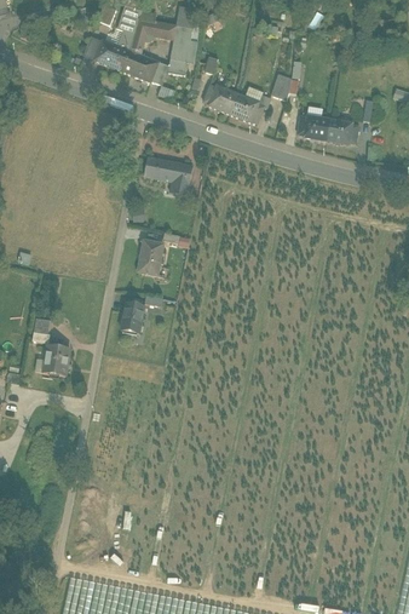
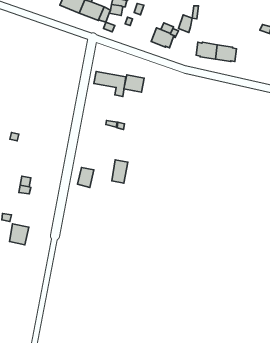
building: [202,82,237,113] -> none
building: none -> [124,75,144,92]
building: [138,239,162,274] -> [112,160,128,183]
building: [40,345,69,377] -> [9,224,29,245]

